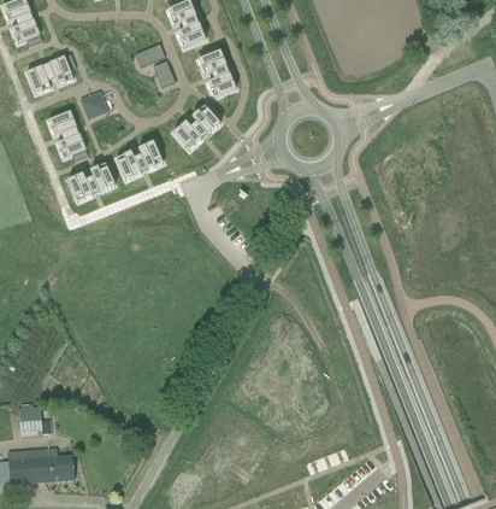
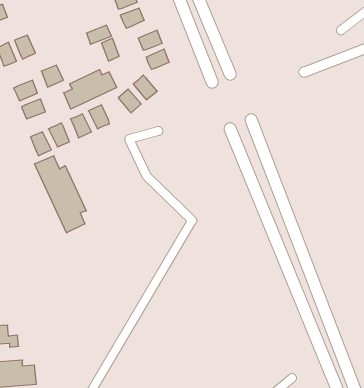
building: none -> [64,70,117,109]
building: none -> [35,156,86,233]

